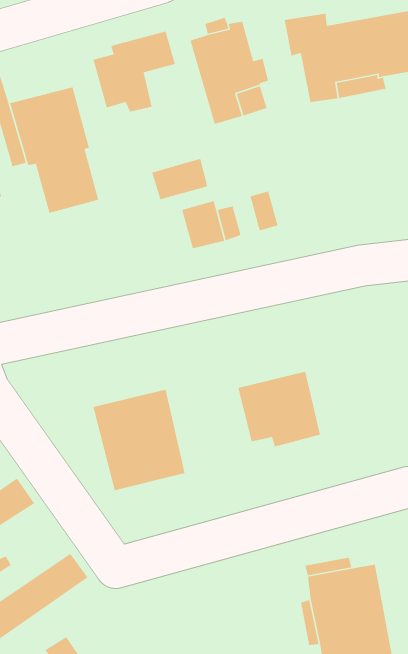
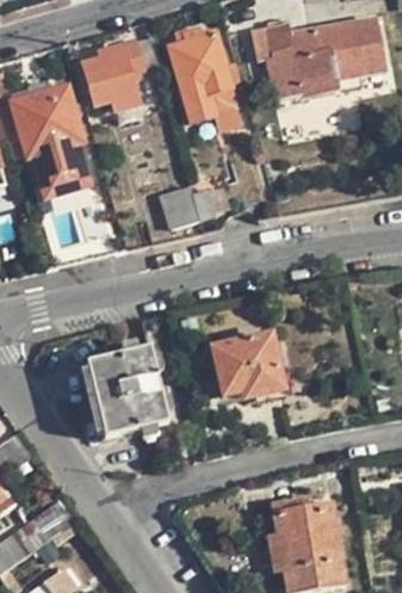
building: [151,158,208,200] -> none

